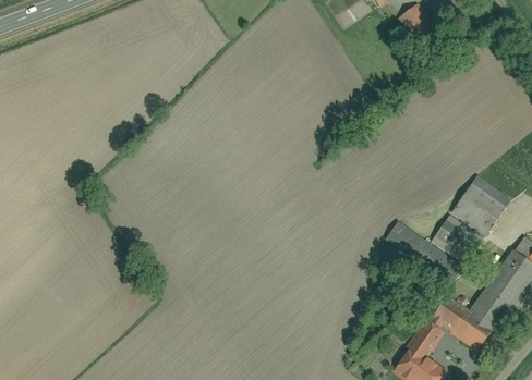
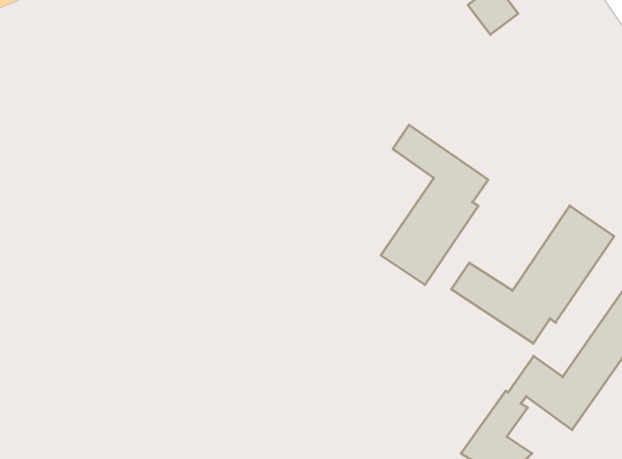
building: none -> [381,125,488,285]

